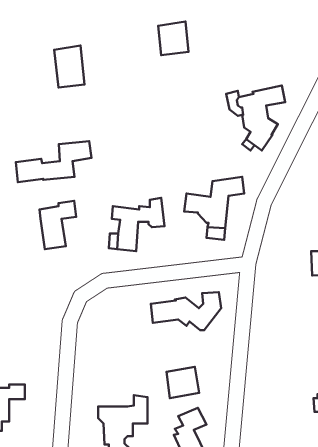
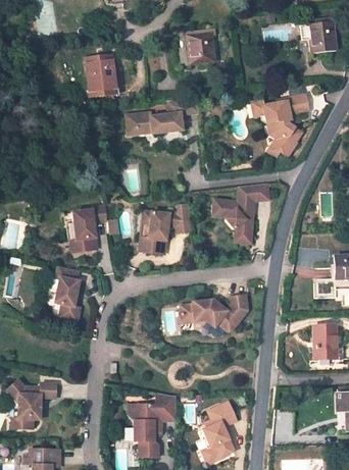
building: none -> [299,20,336,53]
building: [16,141,91,182] -> [126,96,199,136]
building: none -> [55,267,82,322]
building: none -> [313,324,337,358]
building: [167,367,199,398] -> none

